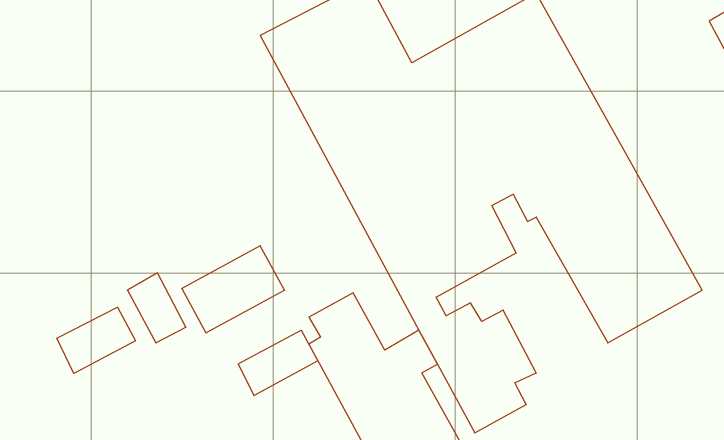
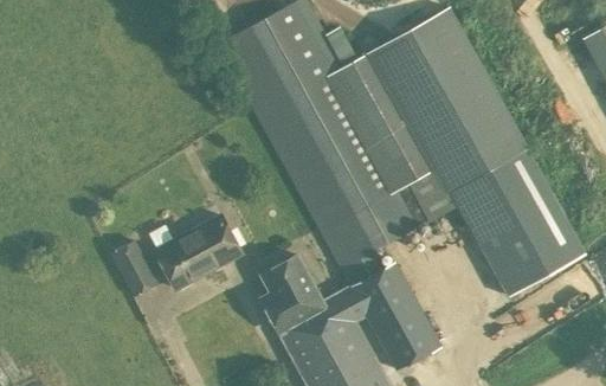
building: [57,307,135,373] -> none
building: [238,330,318,396] -> none

